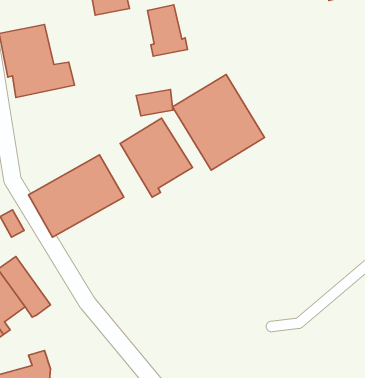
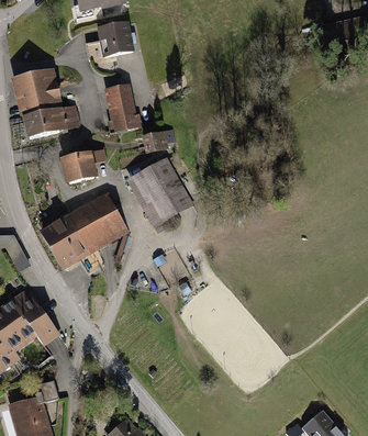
building: [147,5,187,56] -> [104,81,143,131]
building: [173,74,265,170] -> none
building: none -> [60,148,108,183]

